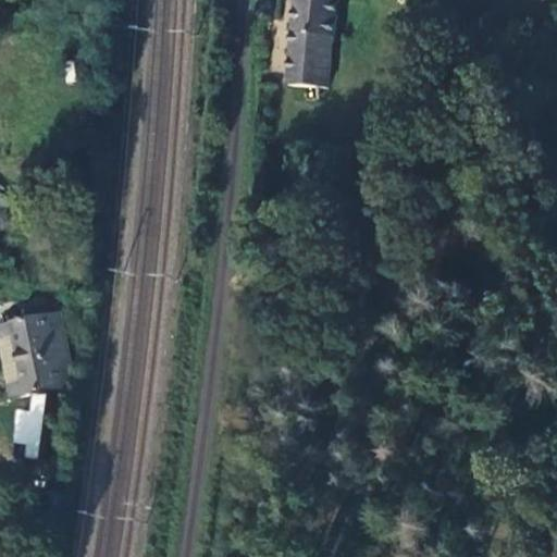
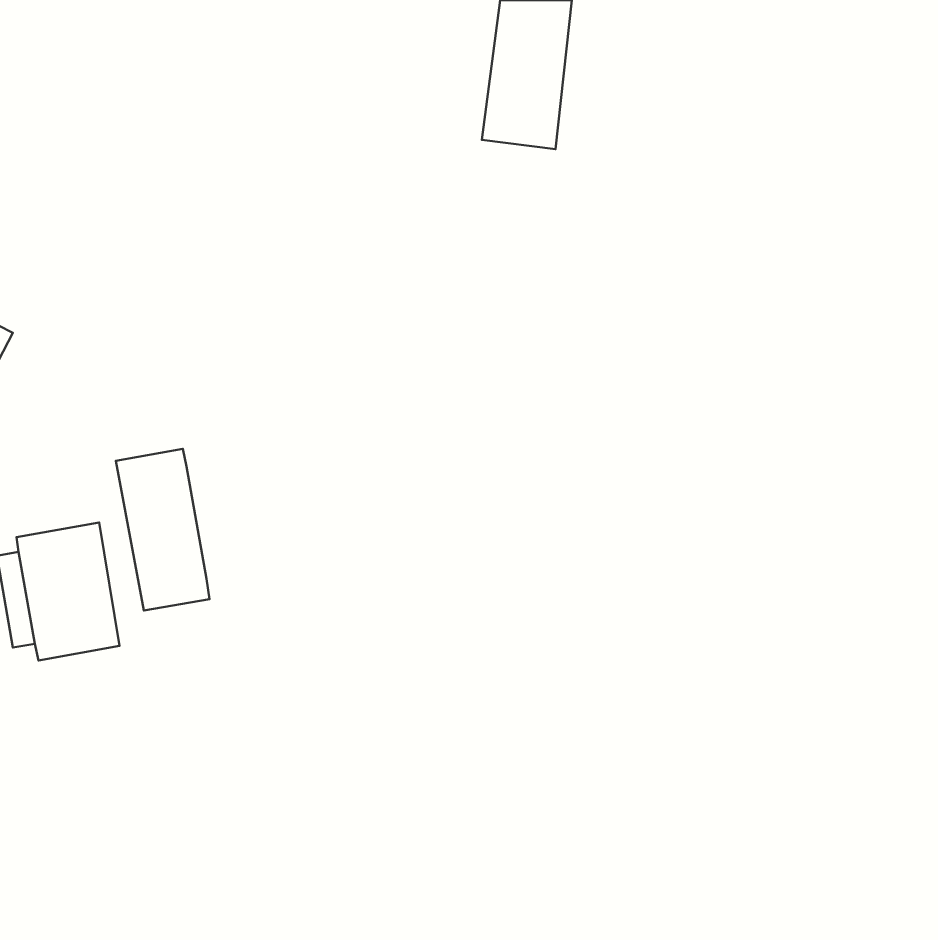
building: none -> [116,449,209,611]
building: [10,393,44,451] -> none

